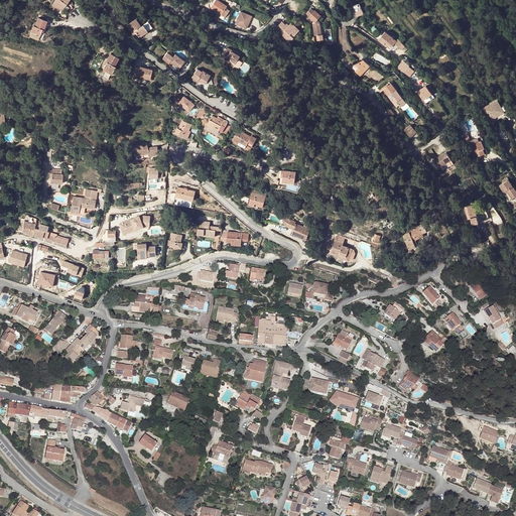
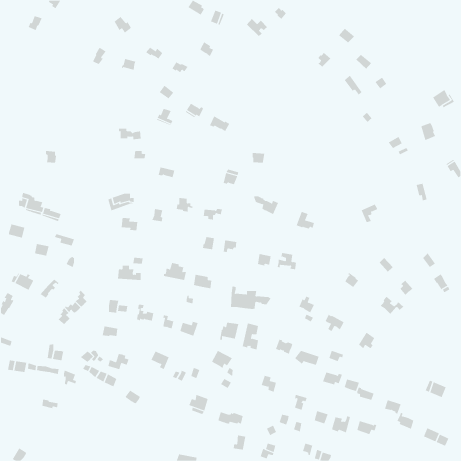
building: [71,189,98,213] -> none

